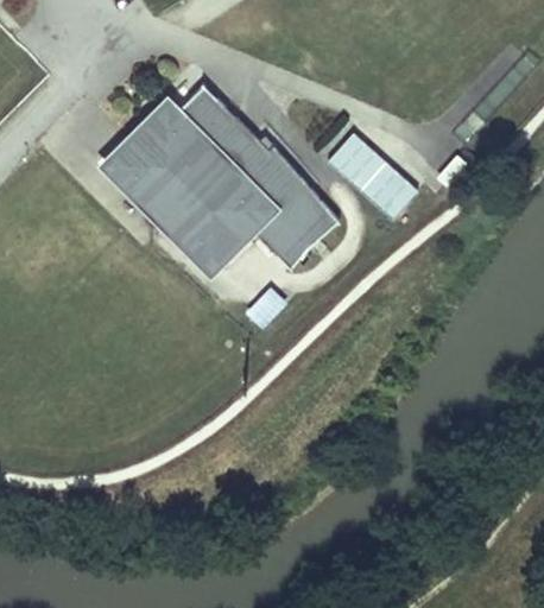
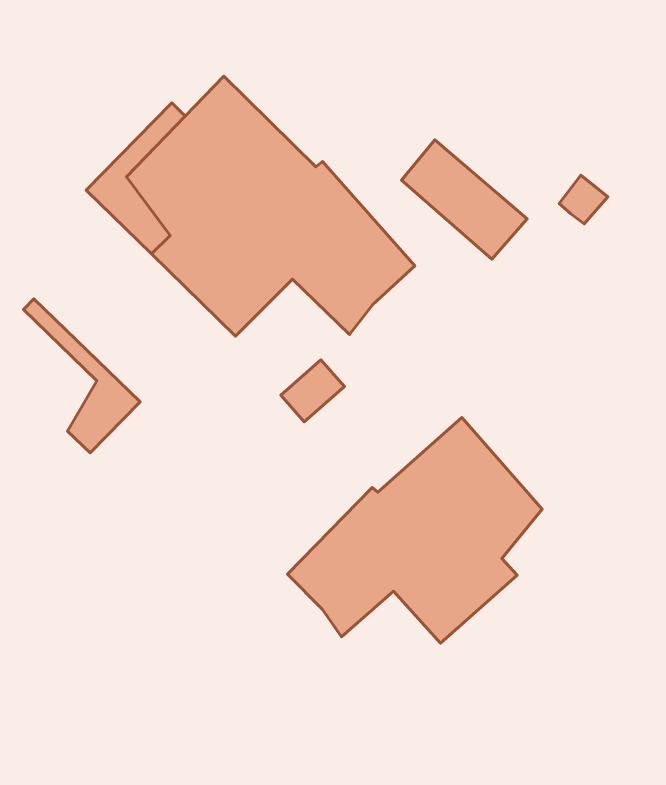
building: none -> [24,299,140,453]
building: none -> [288,417,542,643]

